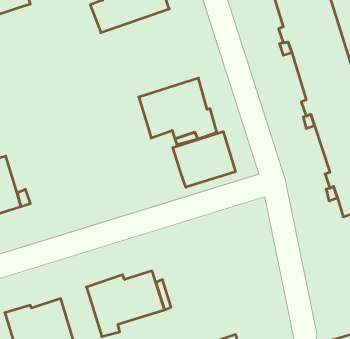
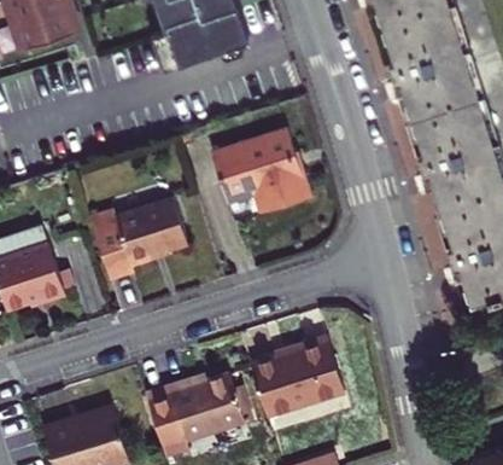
building: [173,132,235,187] -> none
building: none -> [90,199,188,280]
building: none -> [251,336,345,415]

